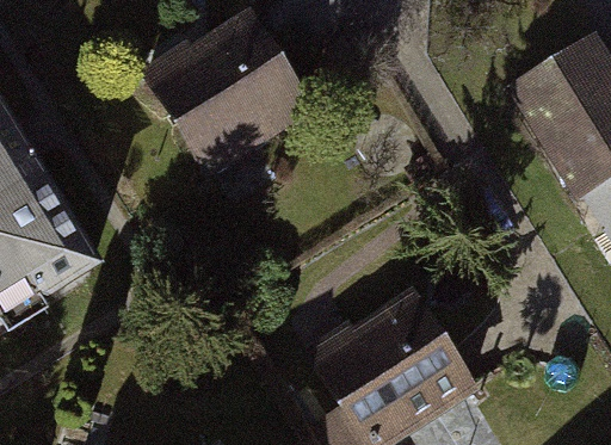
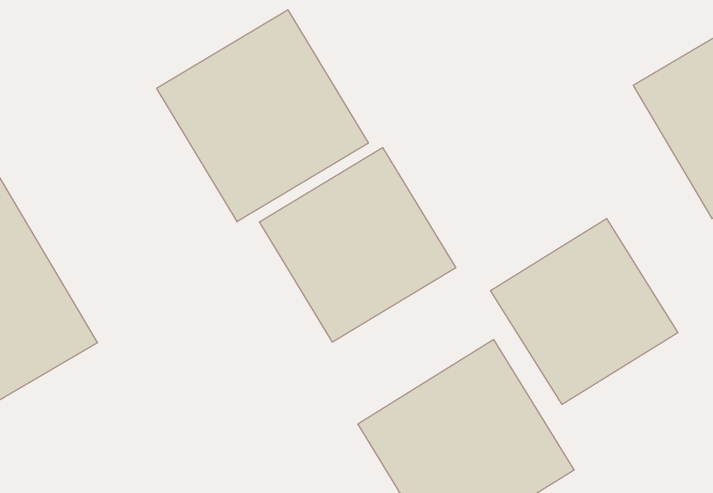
building: none -> [259,148,456,342]
building: none -> [491,218,678,405]

